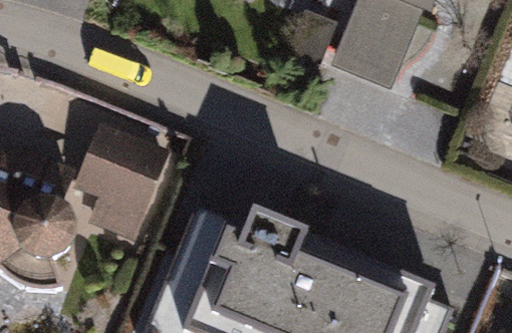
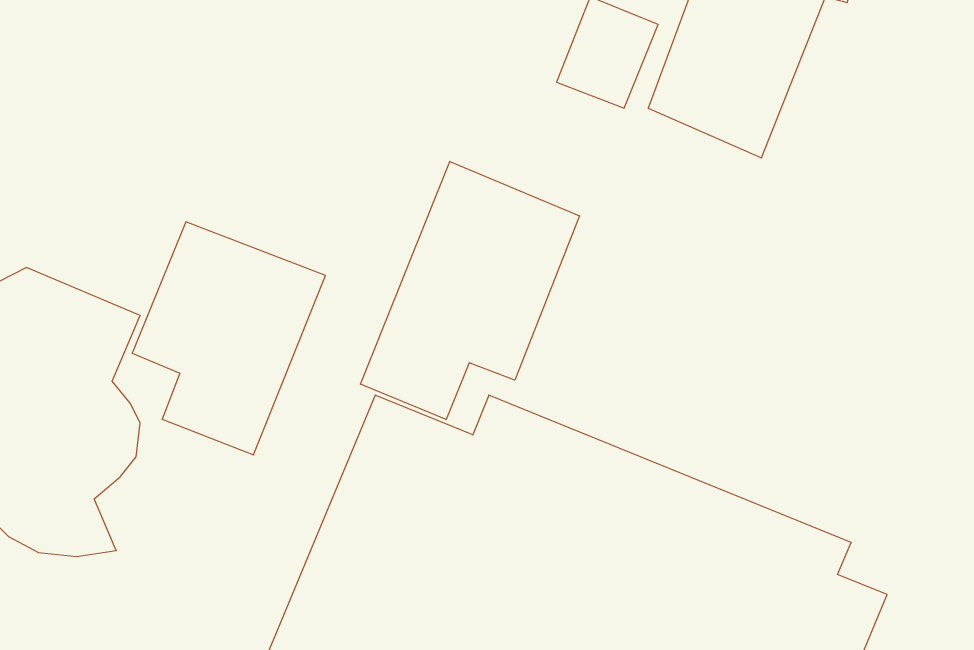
building: none -> [361,161,579,420]

